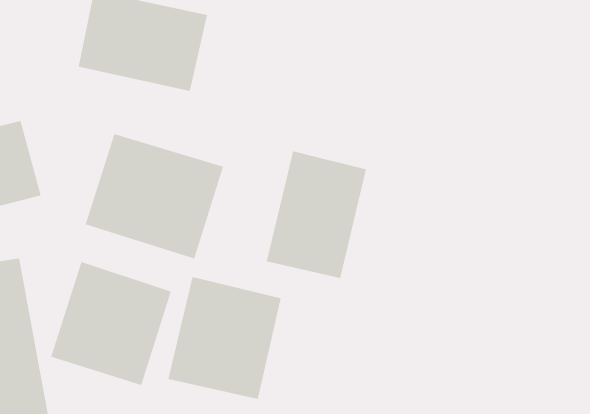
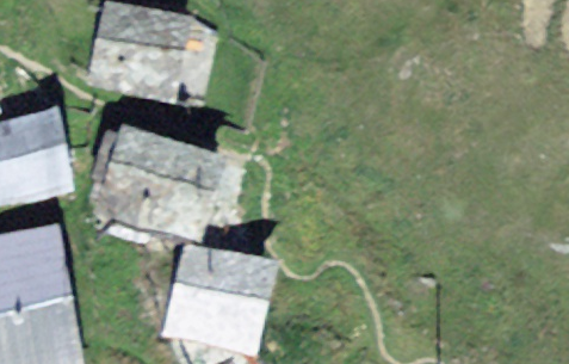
building: [266,150,367,279] -> none
building: [51,261,171,386] -> none

